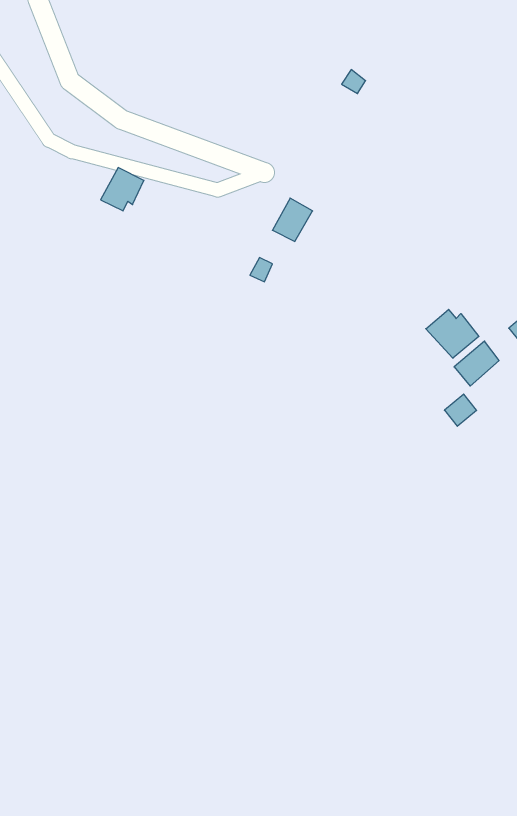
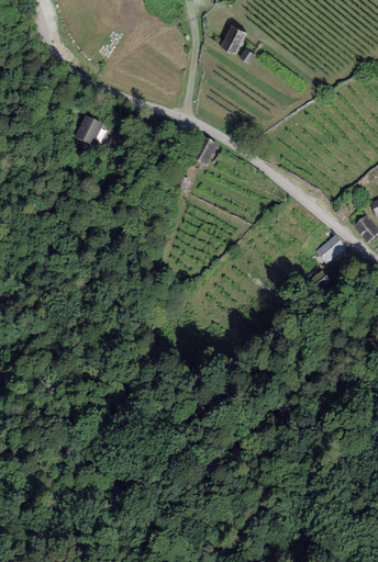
building: none -> [220,25,247,56]
building: [426,309,479,358] -> none

